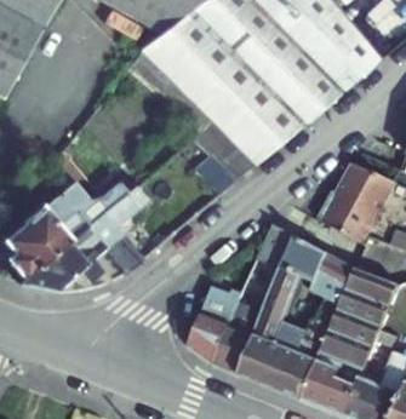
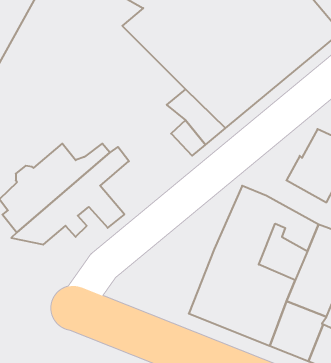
building: [187,287,240,365] -> none

